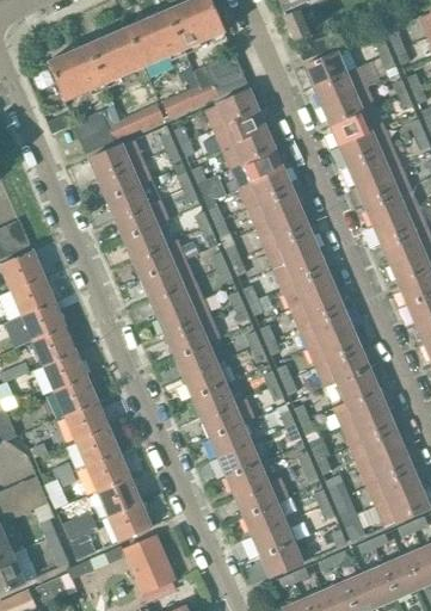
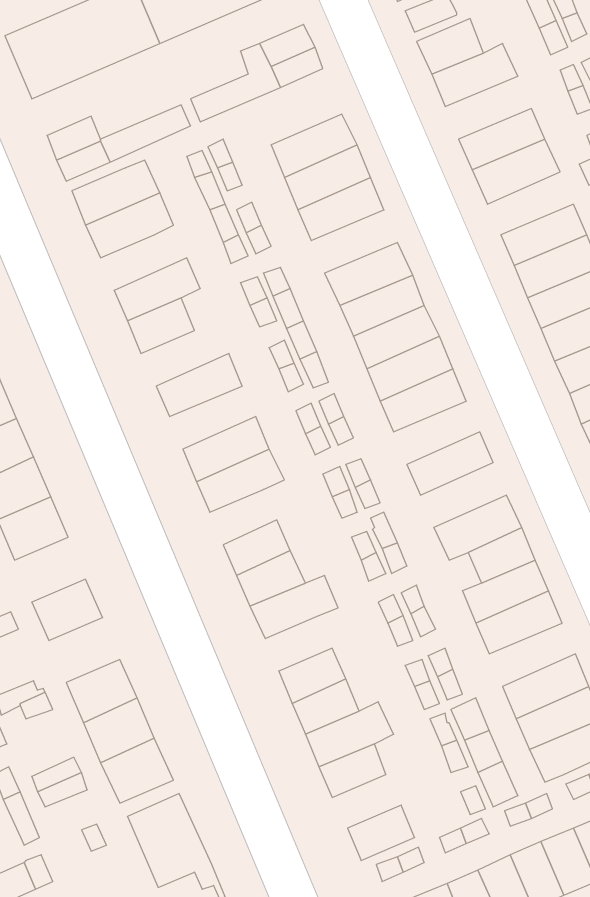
building: [321,87,375,126] -> none
building: [204,91,257,130] -> none
building: [347,147,401,186] -> none
building: [238,171,291,210] -> none
building: [106,180,160,221] -> none
building: [131,240,186,280] -> none
building: [149,280,203,320] -> none
building: [289,290,343,329] -> none
building: [306,328,359,369] -> none
building: [174,345,216,379] -> none
building: [53,375,97,415] -> none
building: [209,424,251,458] -> none
building: [74,425,118,465] -> none
building: [349,428,402,468] -> none
building: [251,523,294,556] -> none

